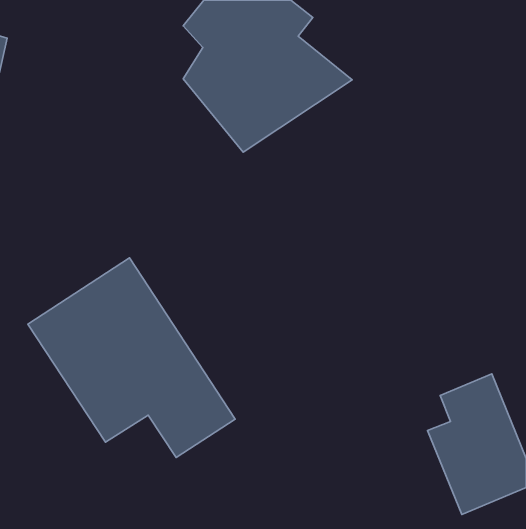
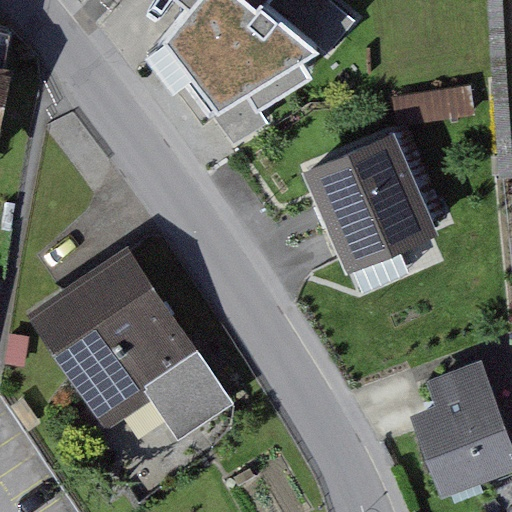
building: none -> [318,133,452,269]

